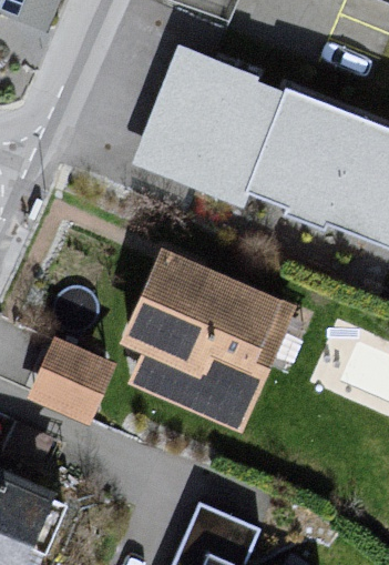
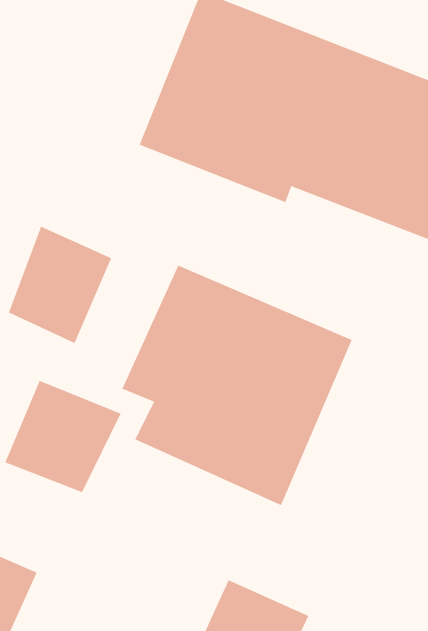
building: none -> [8,226,112,344]

